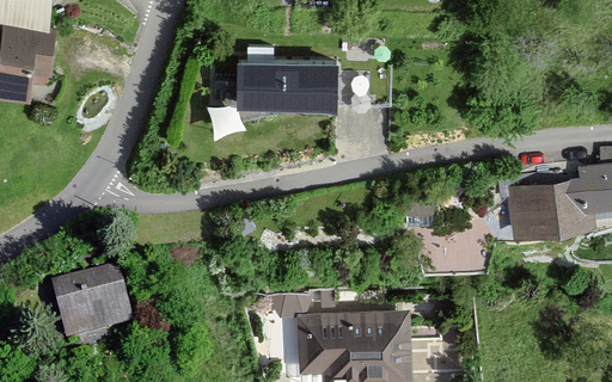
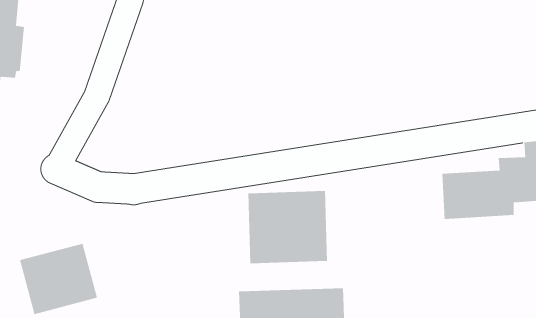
building: [239,45,341,110] -> none
building: none -> [248,190,328,264]

